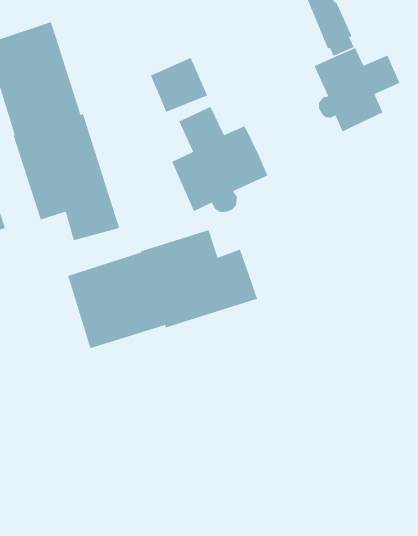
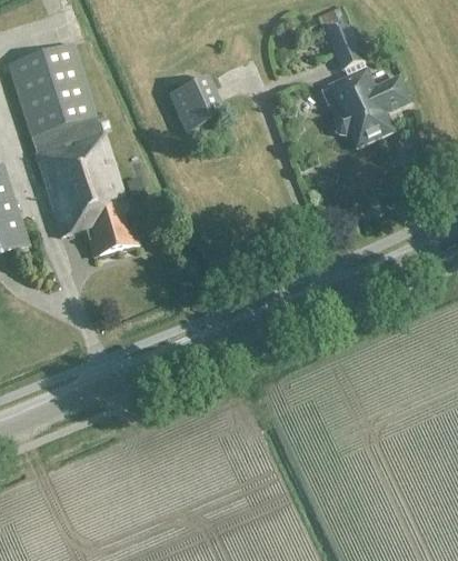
building: [171,106,269,213] -> none
building: [67,229,258,349] -> none

